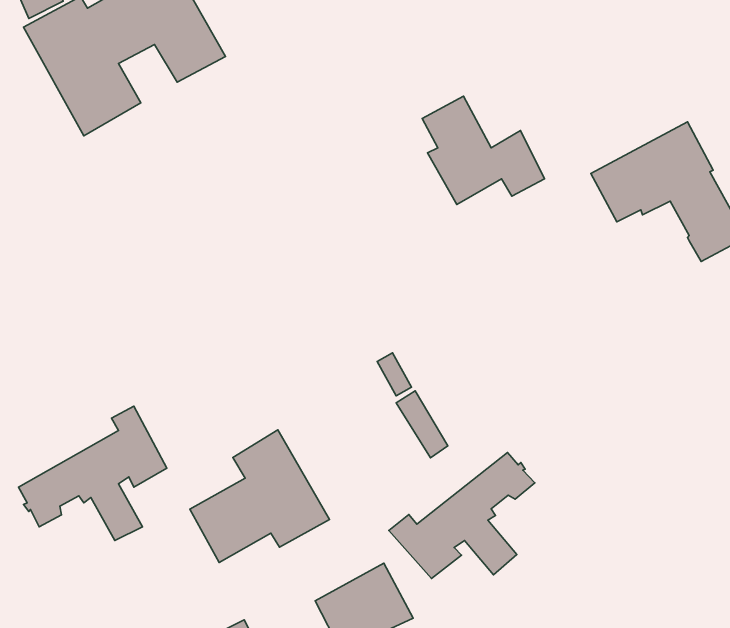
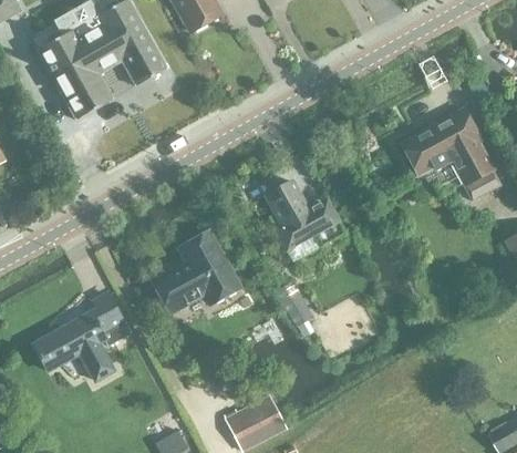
building: [422,96,545,205] -> [263,179,342,249]
building: [190,430,330,563] -> [151,230,240,316]
building: [389,453,535,579] -> none

